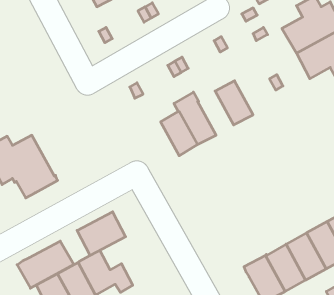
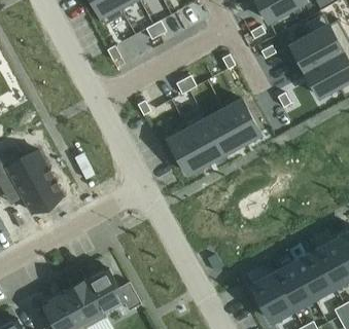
building: none -> [205,109,241,153]
building: [77,212,126,255] -> none
building: [17,241,74,288] -> none

